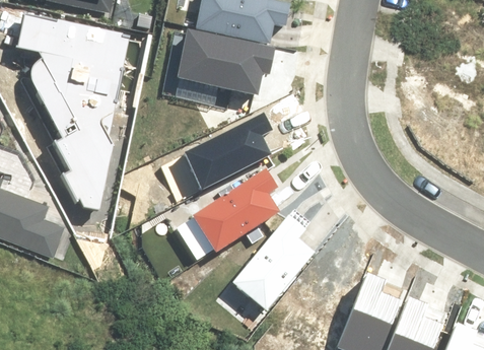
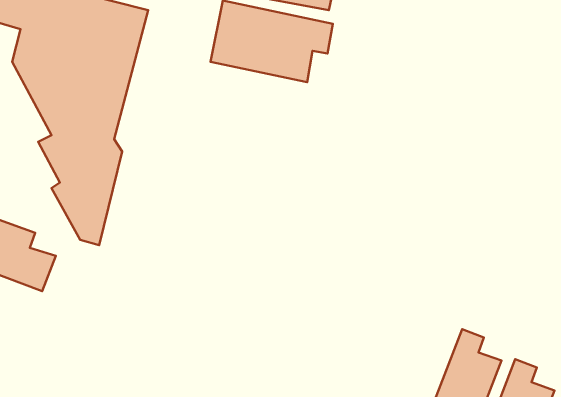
building: [187,114,274,189] -> none
building: [191,168,274,253] -> none
building: [232,216,312,307] -> none

